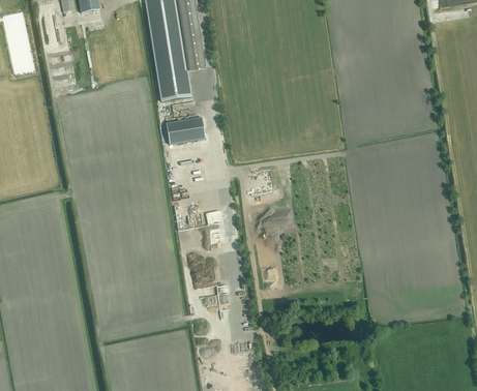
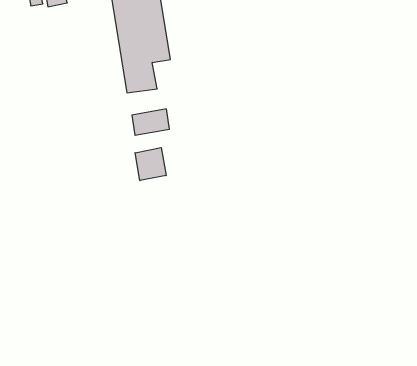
building: none -> [135,148,166,181]

